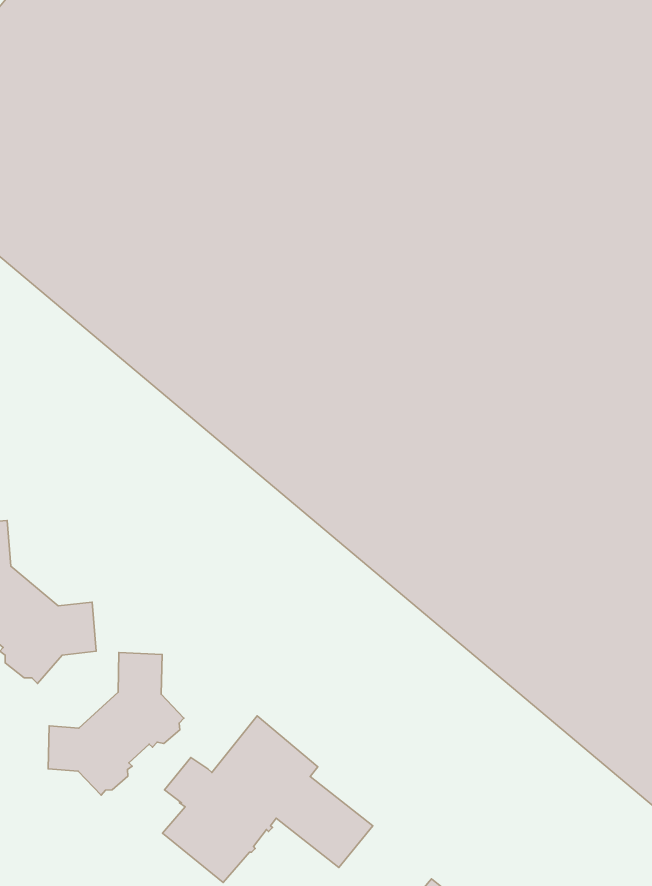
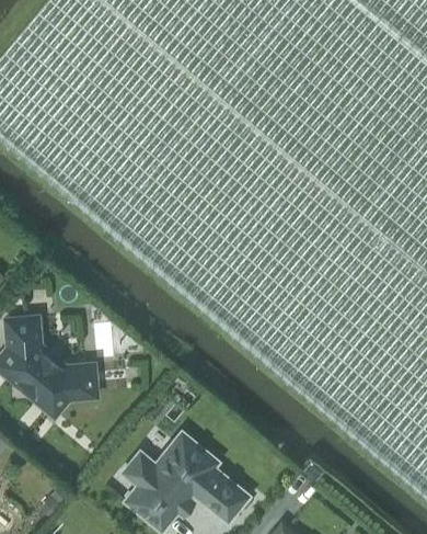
building: [48,653,184,795] -> none

